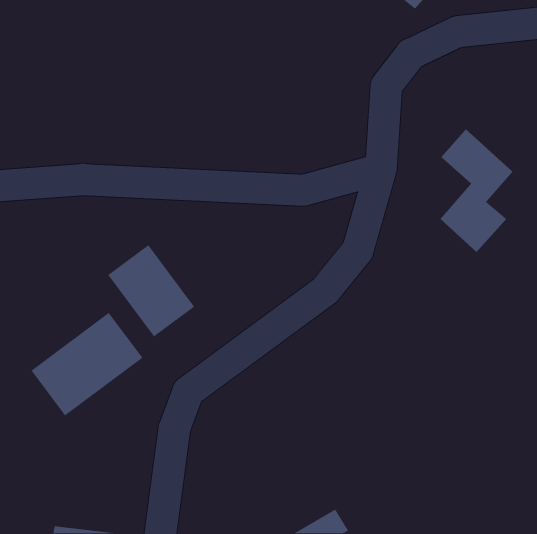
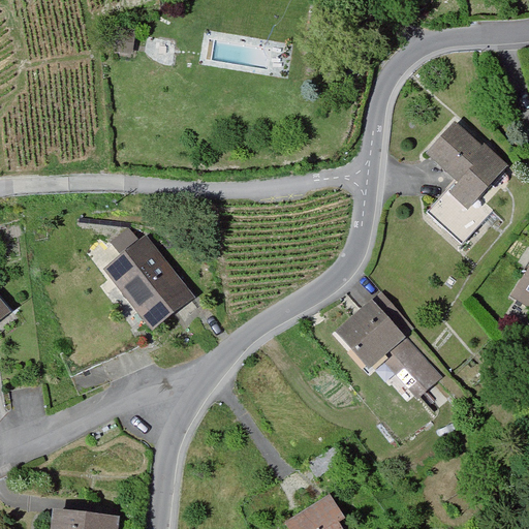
building: none -> [343,298,438,387]
building: [30,312,143,416] -> none

